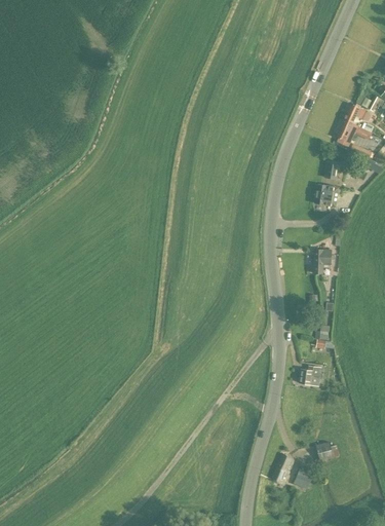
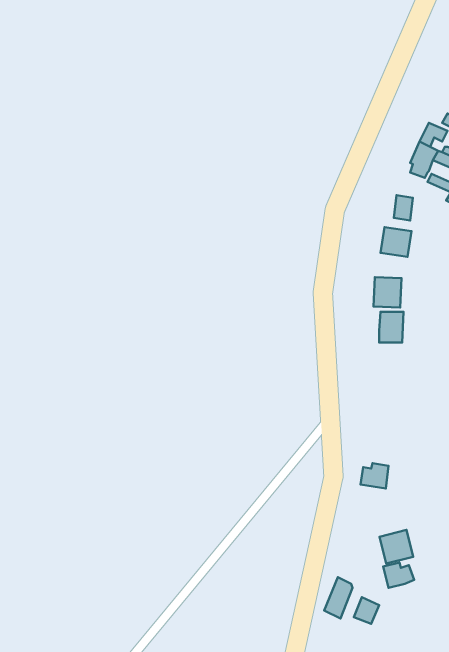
building: none -> [373,277,401,307]
building: none -> [380,530,413,564]

